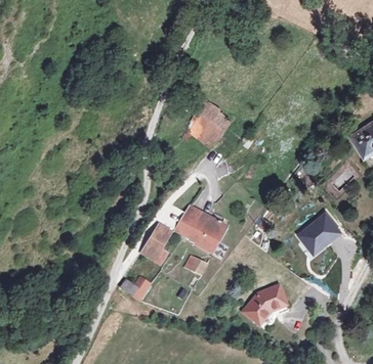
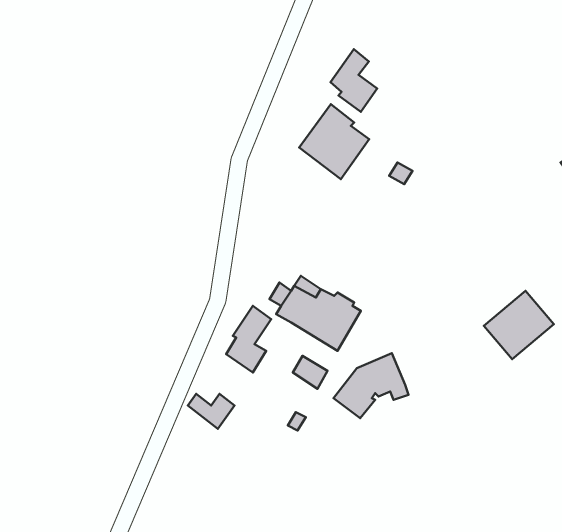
building: none -> [330,49,377,112]
building: [244,285,290,325] -> [334,353,408,418]

